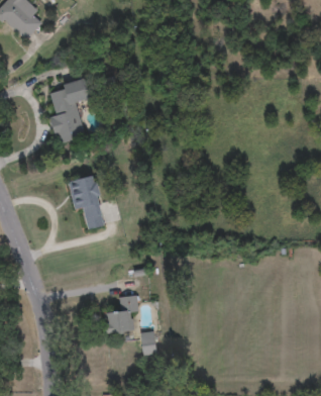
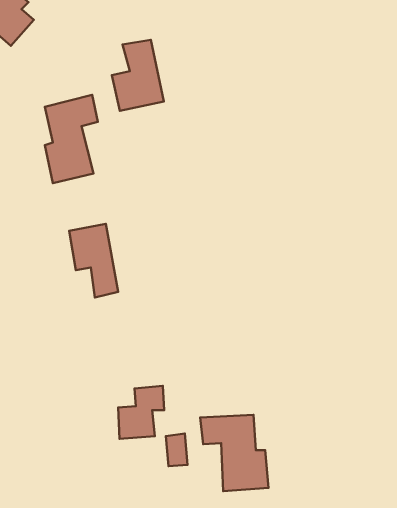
building: none -> [112,40,164,111]
building: none -> [200,415,268,491]

